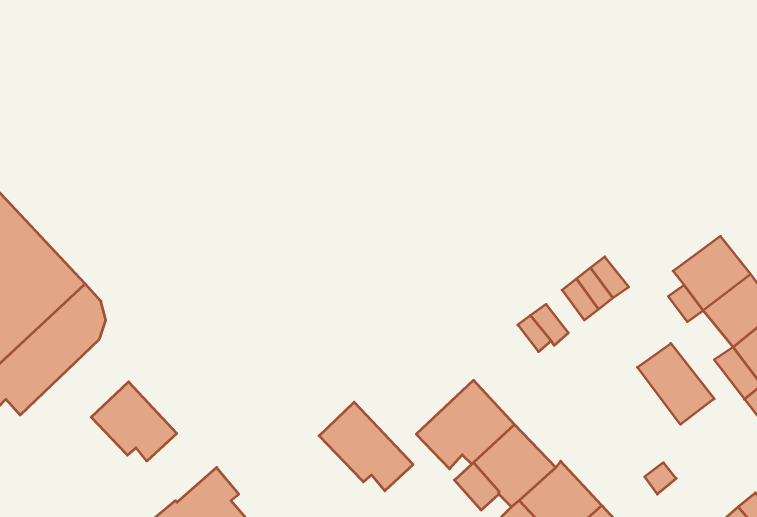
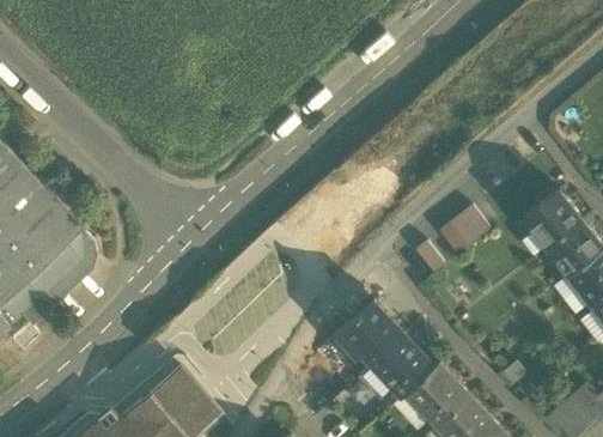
building: [637,343,714,424] -> none
building: [91,382,177,461] -> none
building: [319,402,413,491] -> none

